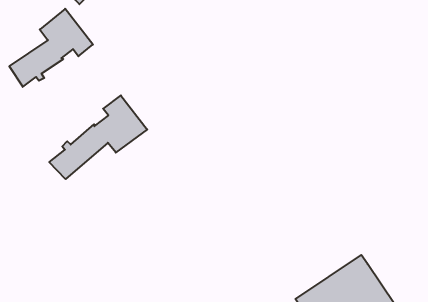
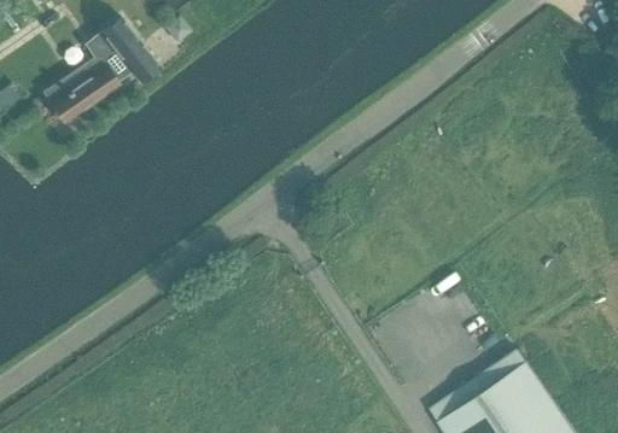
building: [49,95,147,179] -> none

